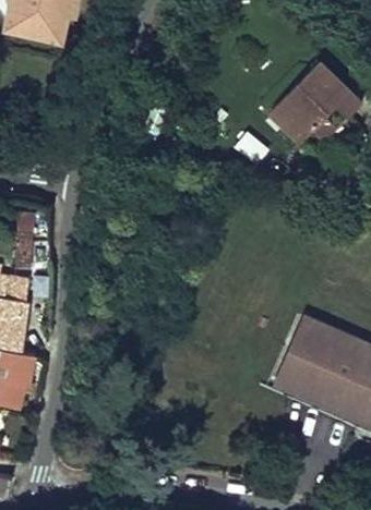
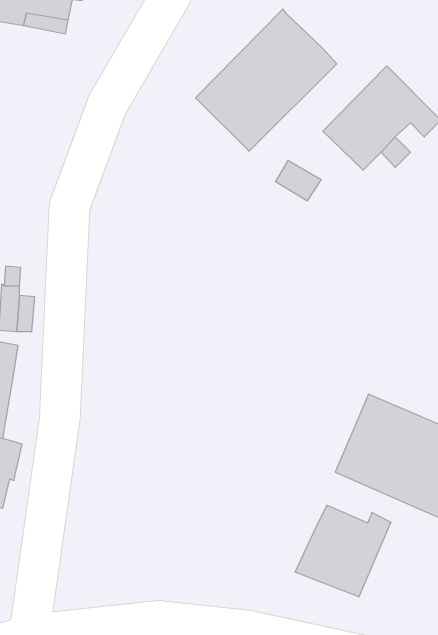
building: none -> [196,9,337,151]
building: none -> [295,505,391,597]

